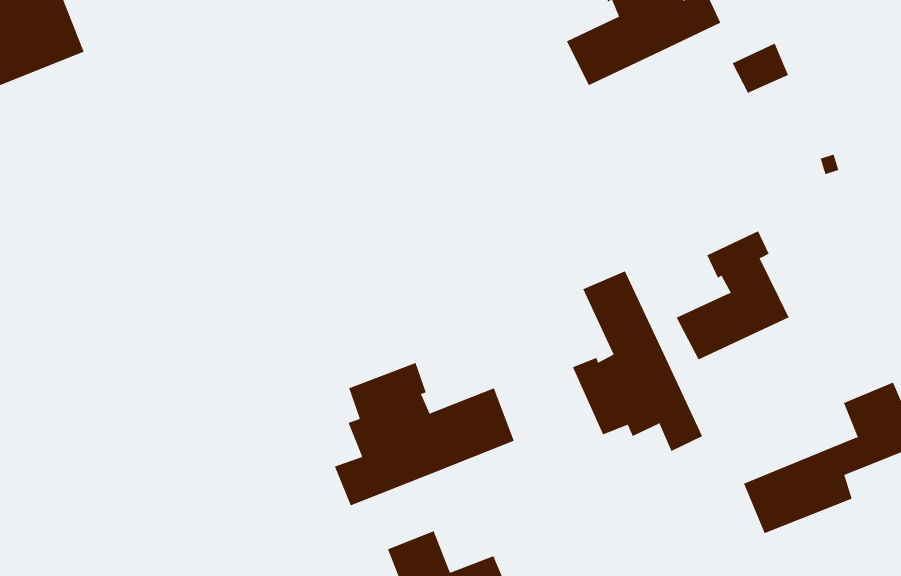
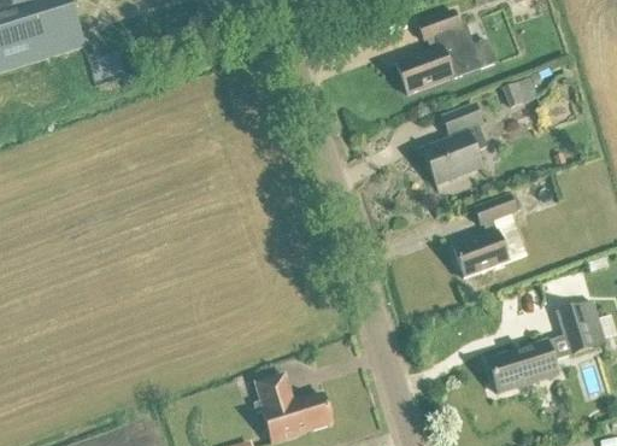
building: none -> [422,104,486,183]
building: [572,270,703,452] -> none
building: [334,362,514,506] -> none

